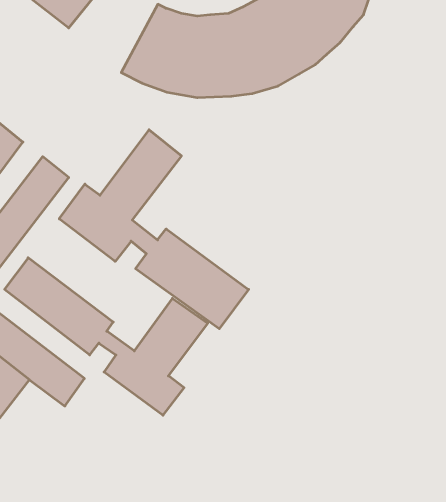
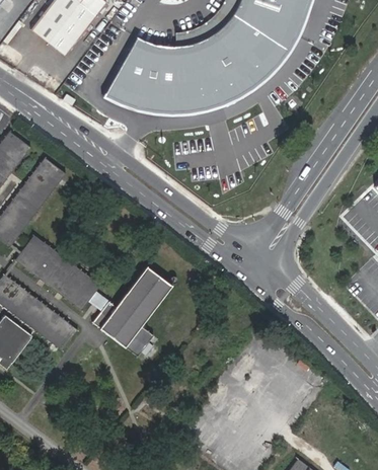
building: [59,130,249,329] -> none

